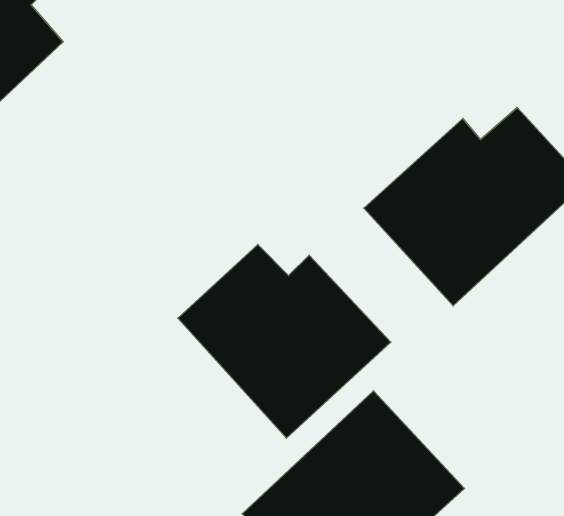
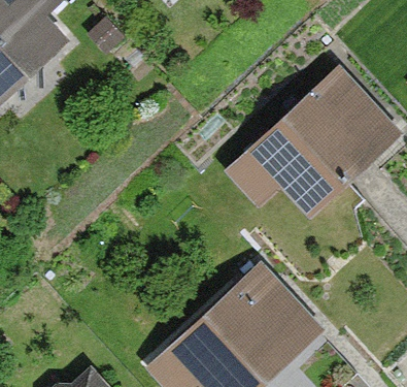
building: [178,244,391,438] -> none

